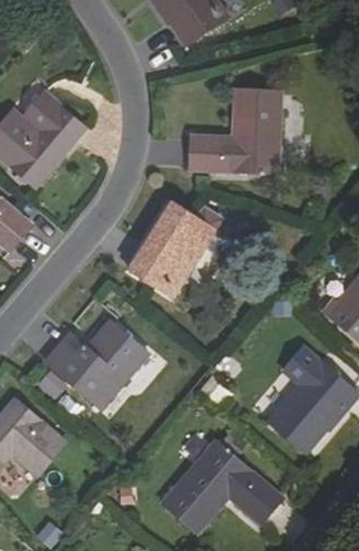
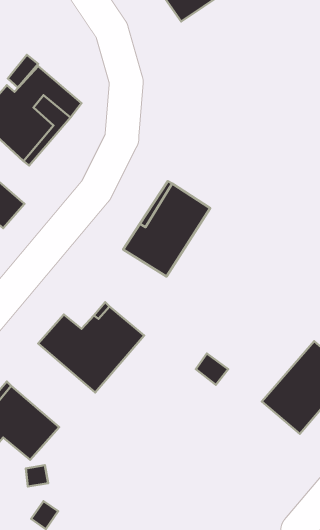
building: [189,91,279,174] -> none
building: [157,441,278,533] -> none

